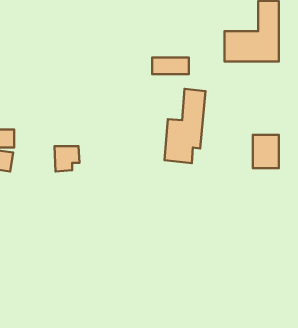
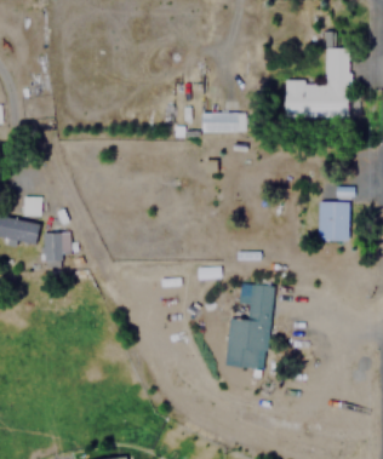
building: [165,89,205,163] -> [227,282,274,368]
building: [54,146,79,171] -> [44,233,73,262]

